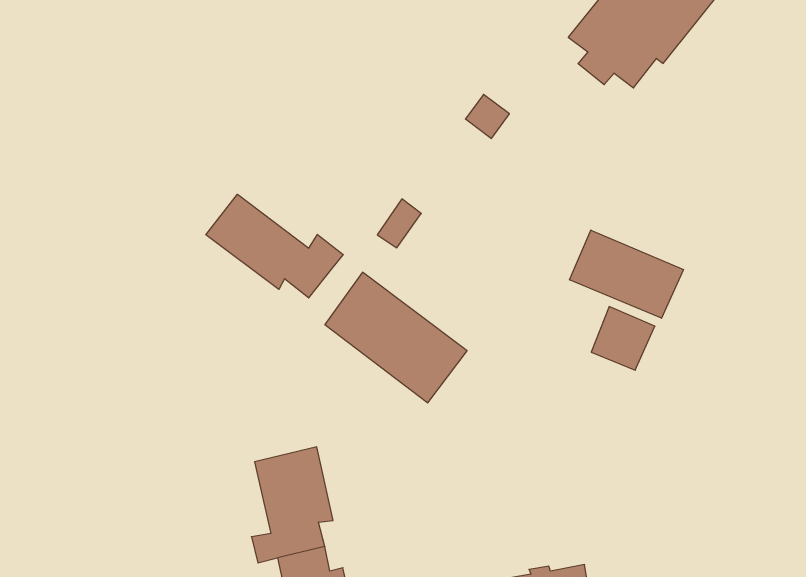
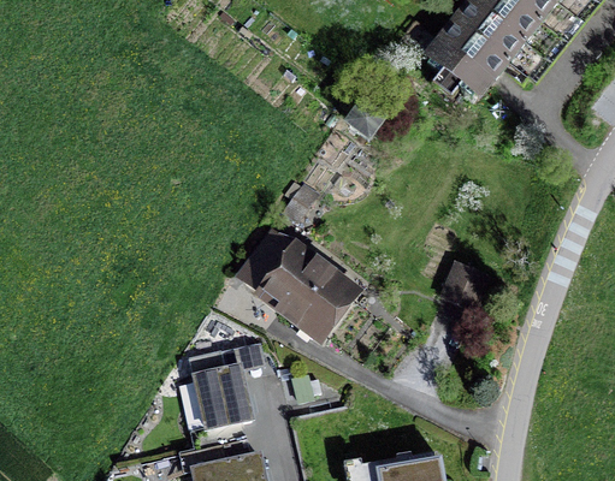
building: [206,194,343,298] -> none
building: [570,230,683,318] -> none

